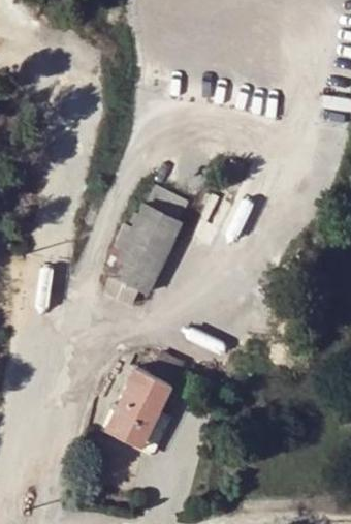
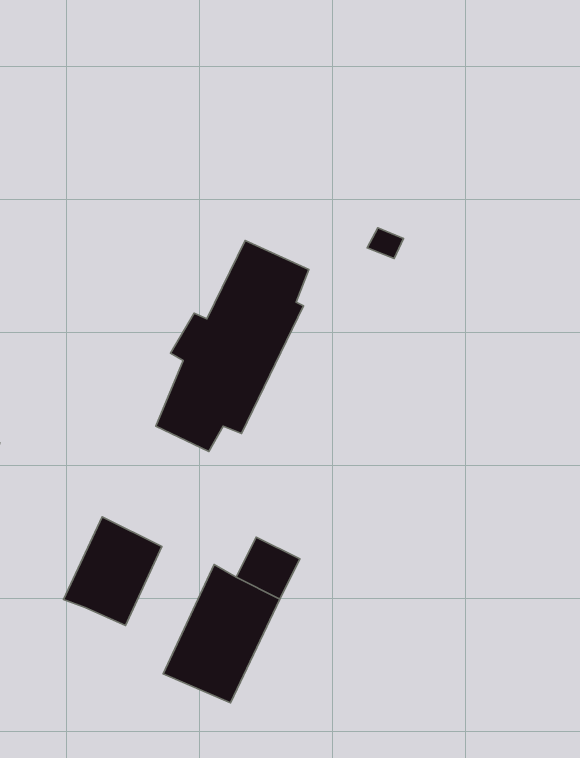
building: none -> [64,517,162,625]

